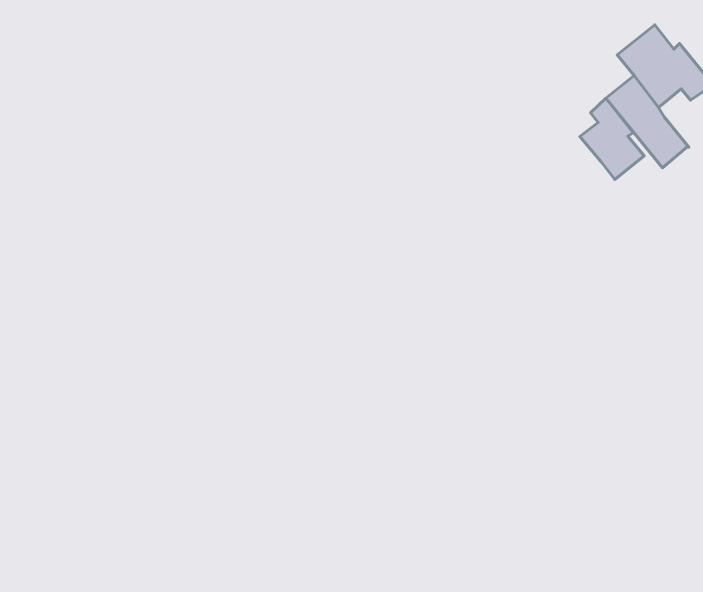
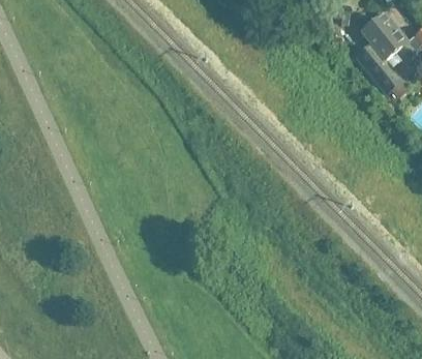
building: [580,98,644,179] -> none

